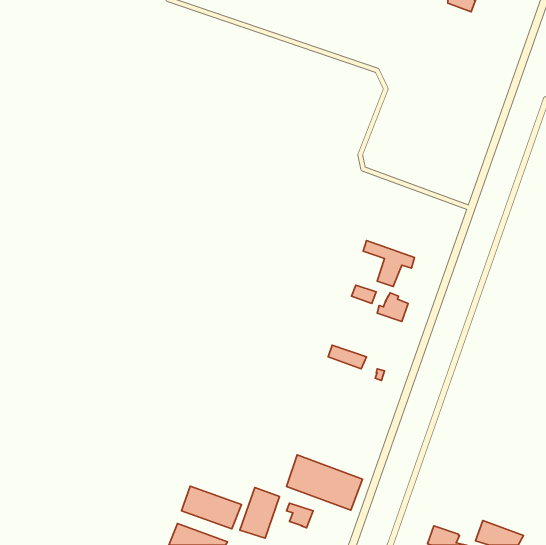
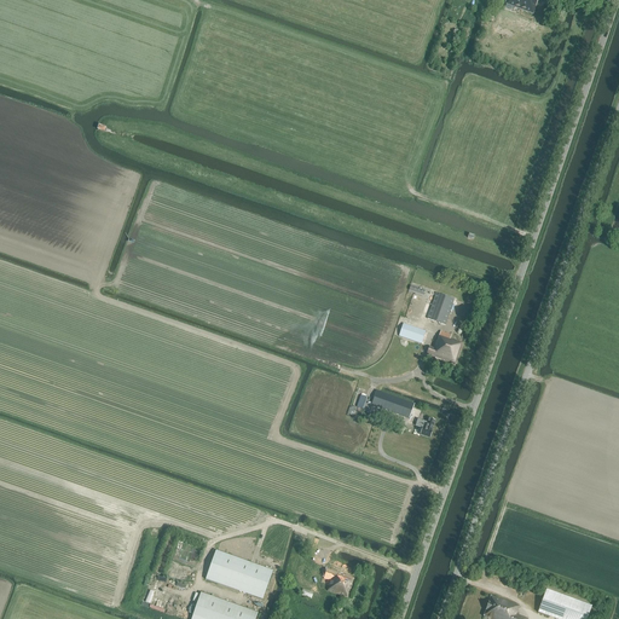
building: [286,455,362,510] -> none
building: [240,487,280,538] -> none

